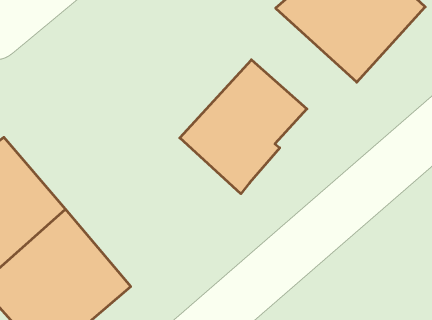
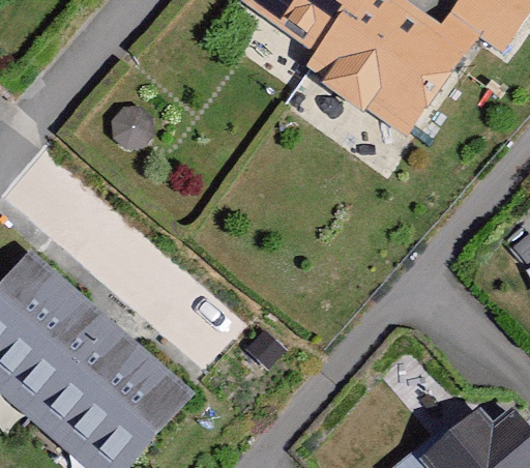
building: [180,60,307,194] -> none

